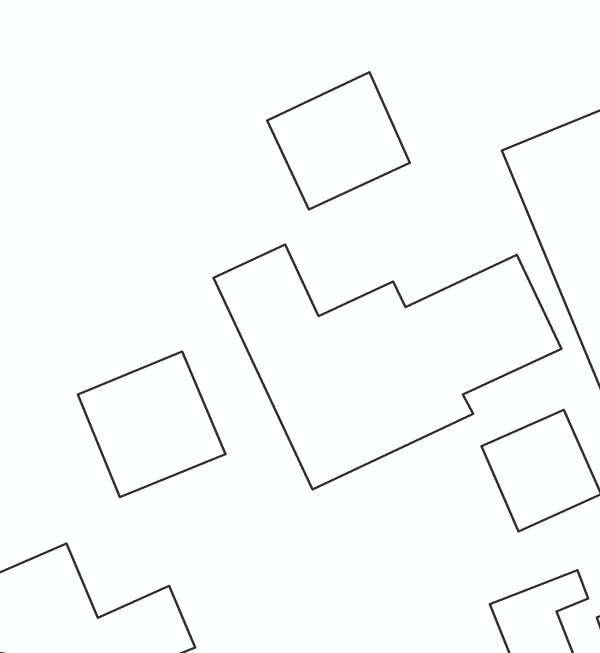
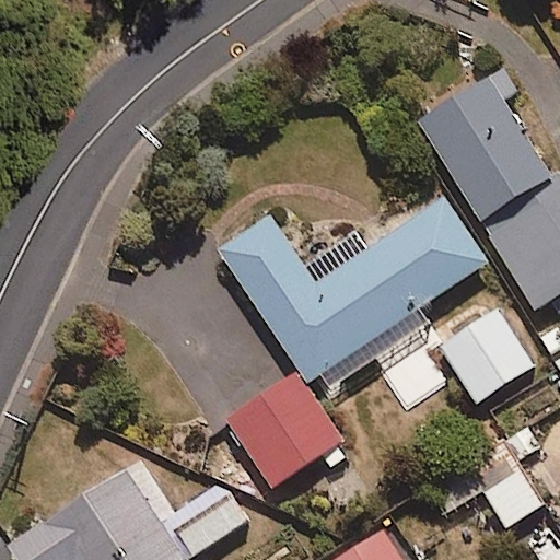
building: [267,72,410,210] -> none
building: [78,351,225,497] -> [226,373,342,488]

